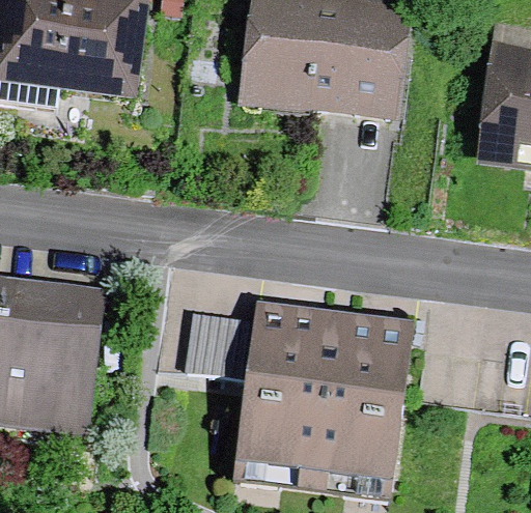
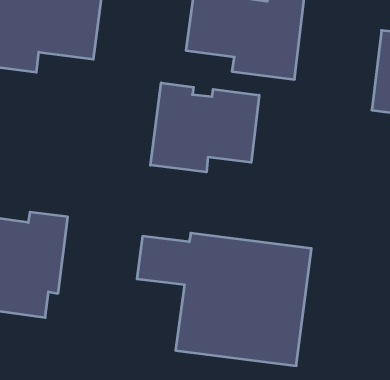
building: none -> [150,83,259,172]

